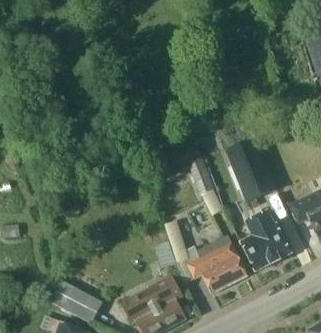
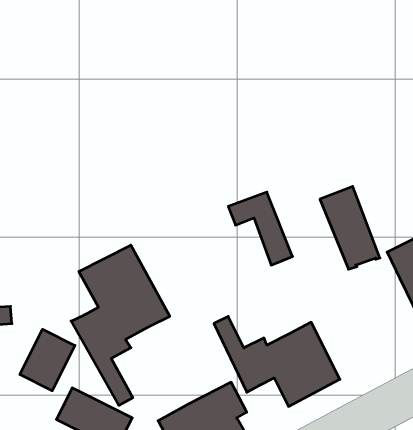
building: none -> [71,245,170,405]
building: [241,210,291,270] -> none
building: none -> [20,329,75,391]

